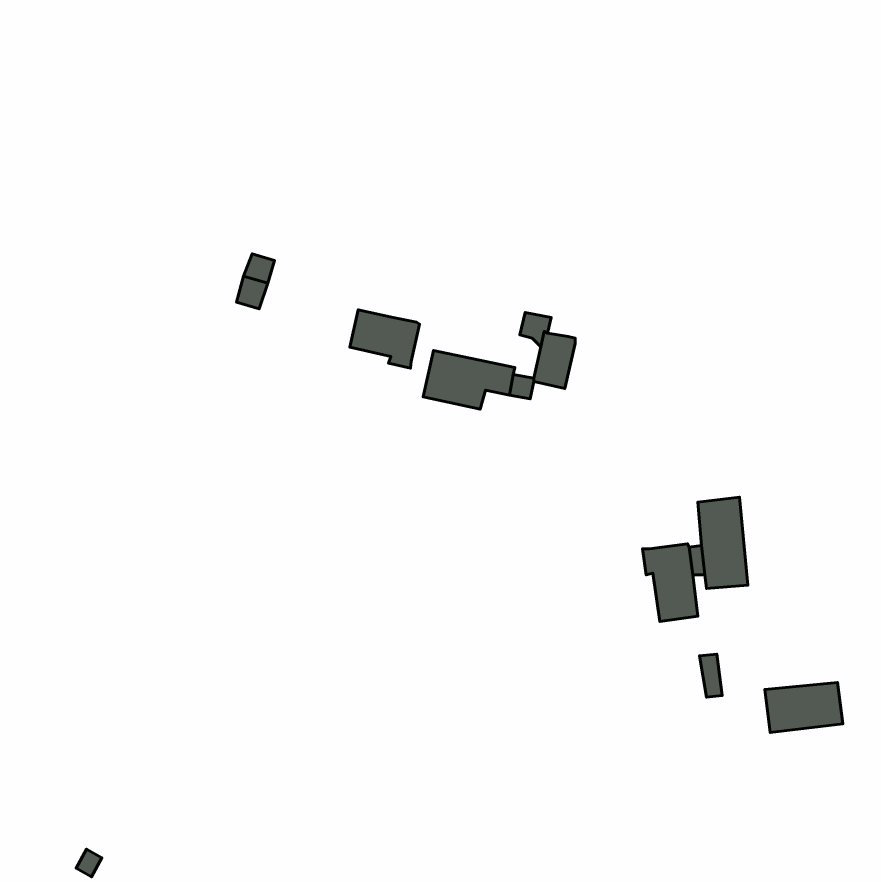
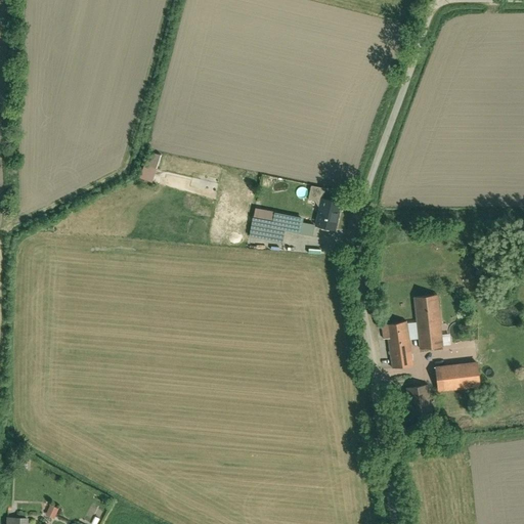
building: [350,310,419,368] -> none
building: [765,683,843,733] -> [436,362,482,392]

